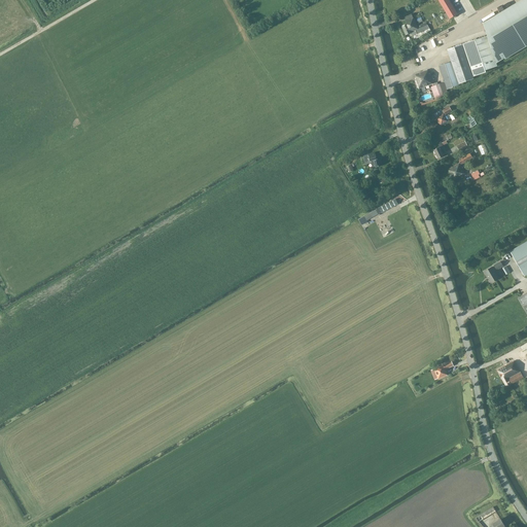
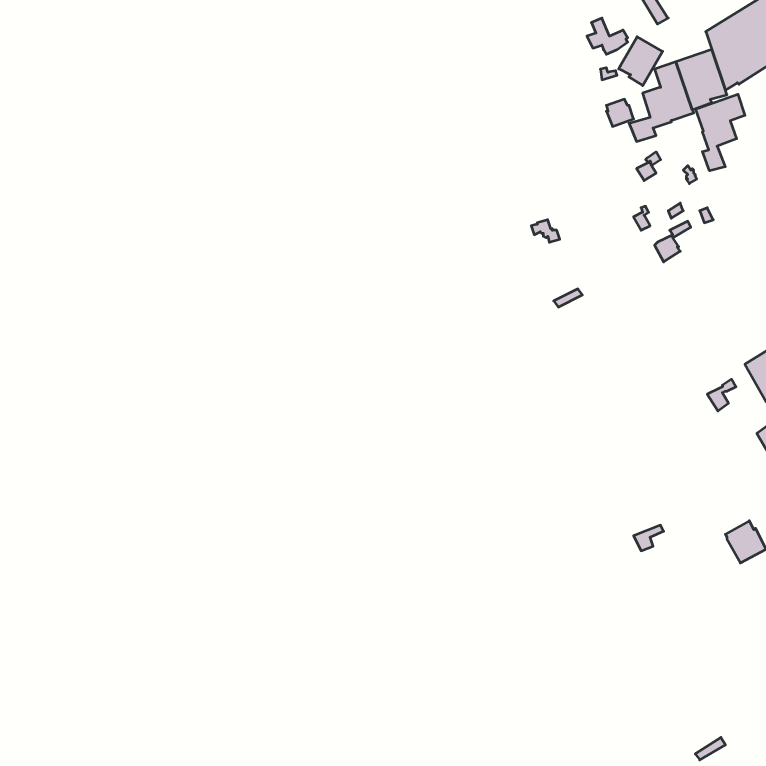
building: none -> [619,37,663,86]
building: none -> [696,94,745,171]

